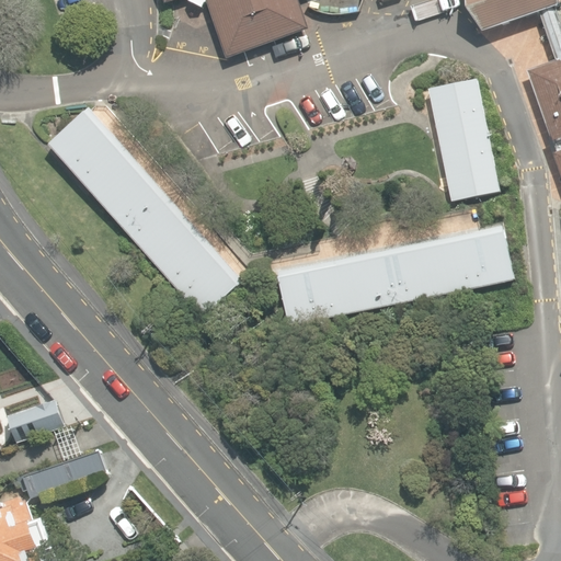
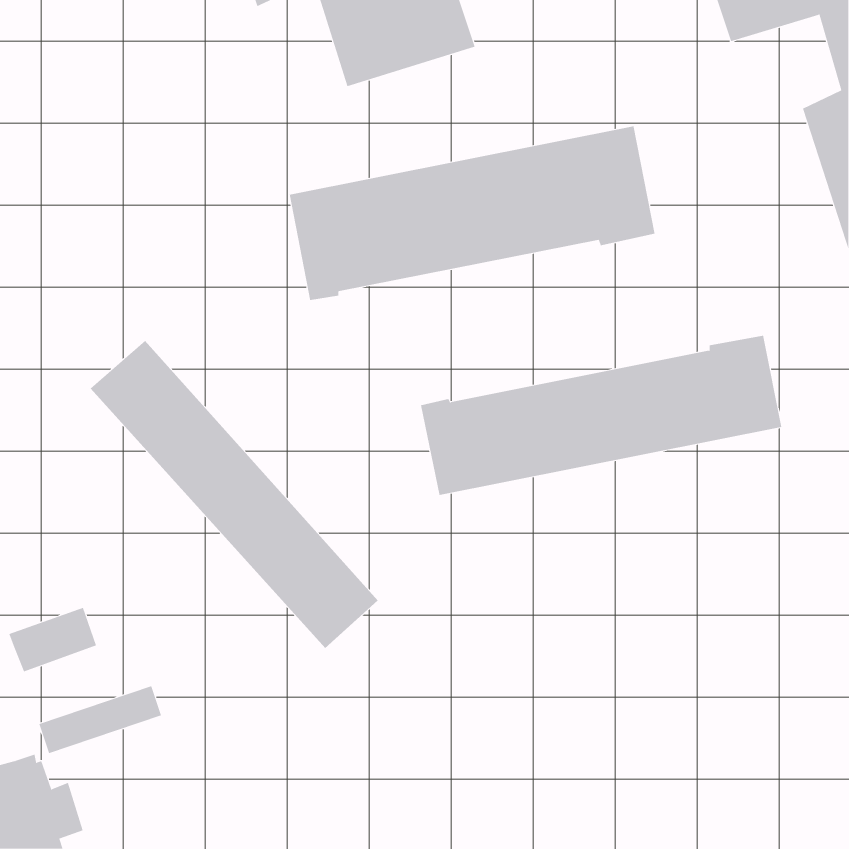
building: [427,78,502,199] -> none
building: none -> [289,126,655,301]
building: [48,113,238,316] -> [90,340,379,649]

